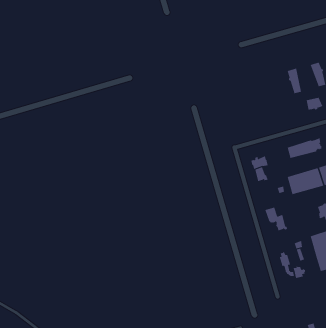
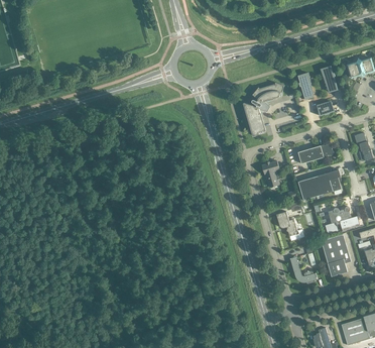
building: none -> [243,82,283,135]

